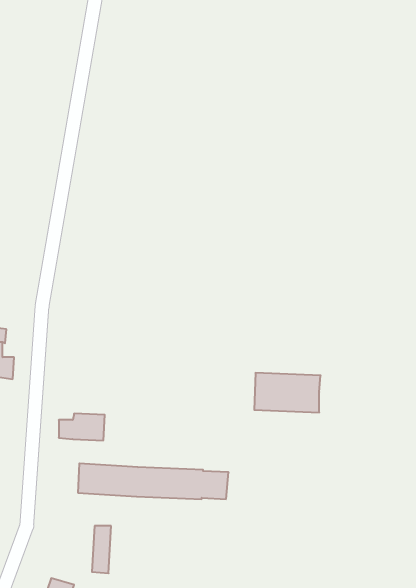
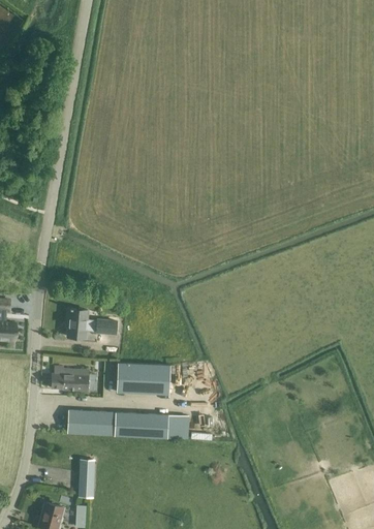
building: none -> [67,309,118,338]
building: [254,373,321,412] -> [117,363,170,395]

